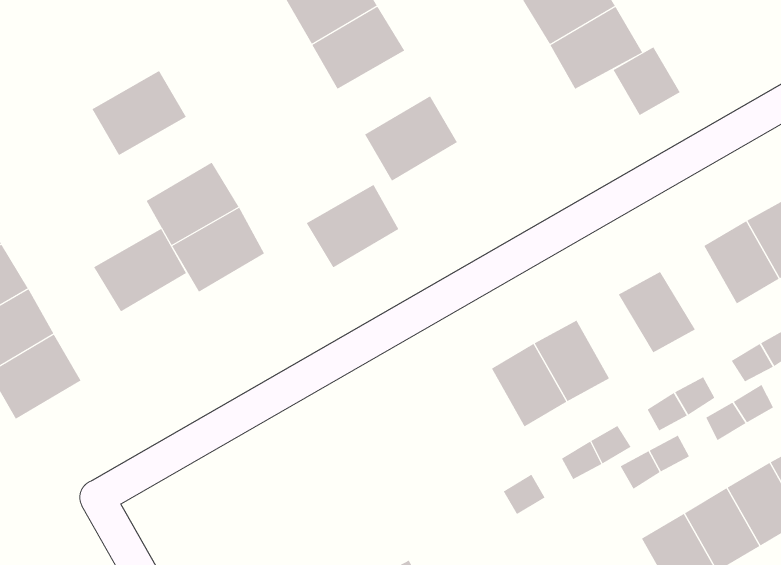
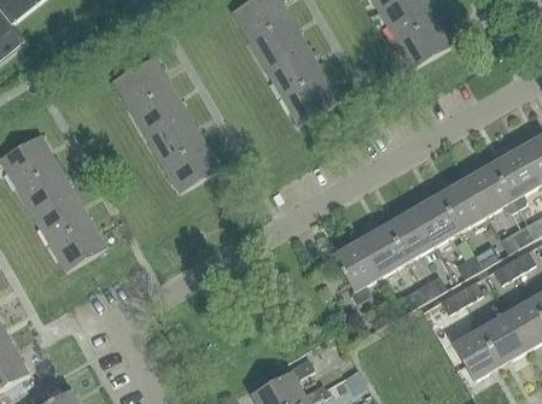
building: [613,47,680,116] -> none
building: [306,184,399,268] -> [264,43,322,95]
building: [93,228,187,312] -> [129,84,187,136]
building: none -> [465,164,512,216]
building: none -> [413,194,460,246]
building: none -> [333,240,380,304]

